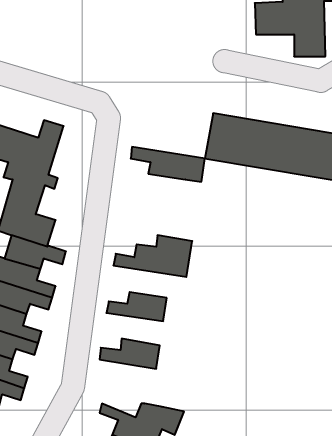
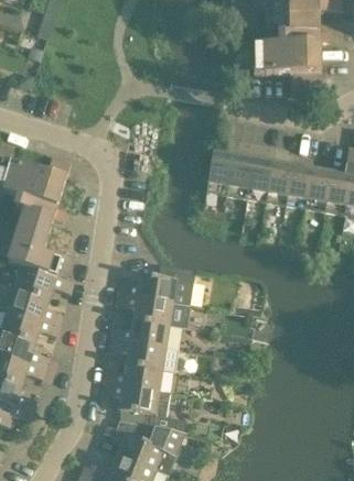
building: [131,147,205,182] -> [117,292,187,325]
building: none -> [110,337,165,368]
building: none -> [103,381,170,426]

